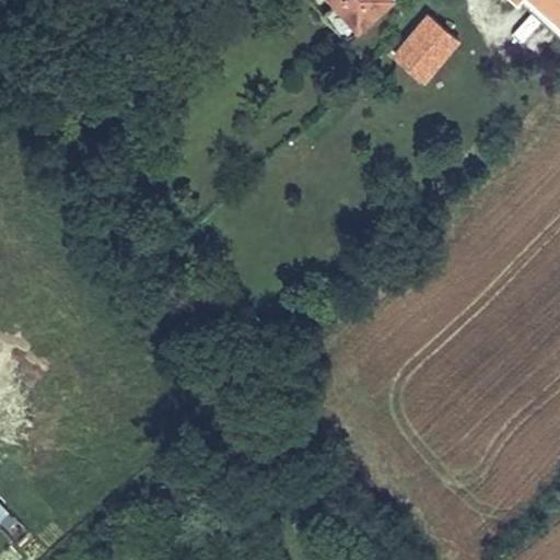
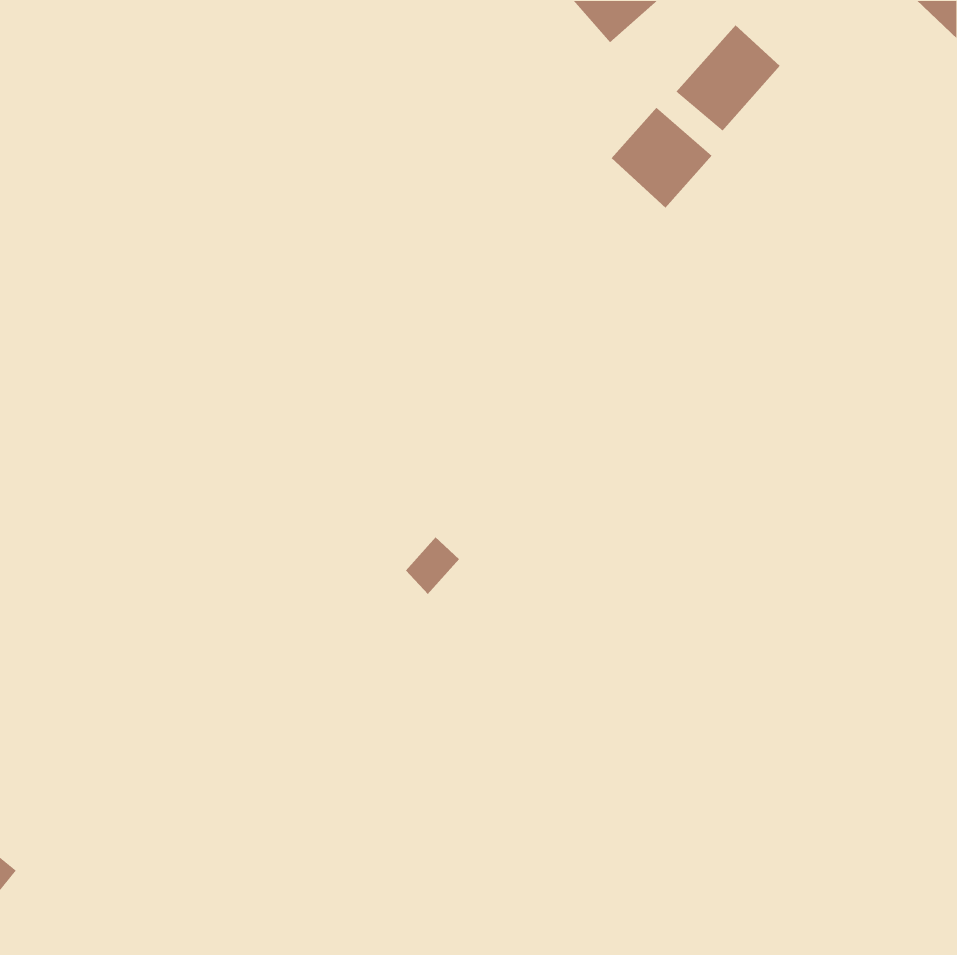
building: none -> [611,107,712,208]

